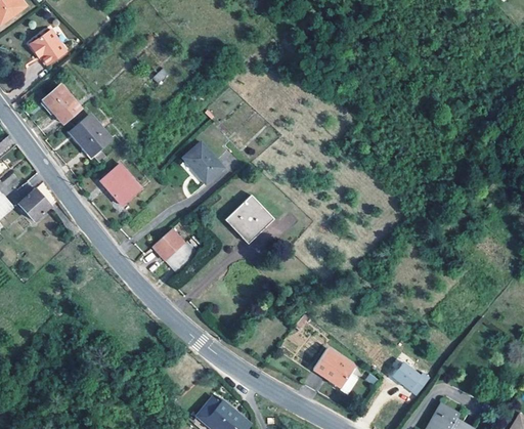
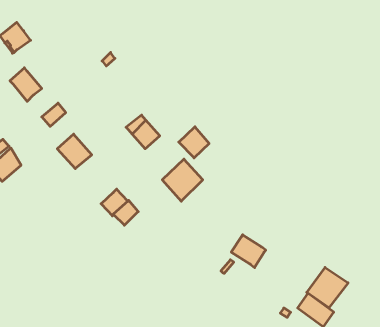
building: [71,115,100,143] -> none
building: none -> [179,127,209,158]
building: none -> [307,267,348,308]
building: [313,348,354,387] -> [231,235,266,268]

